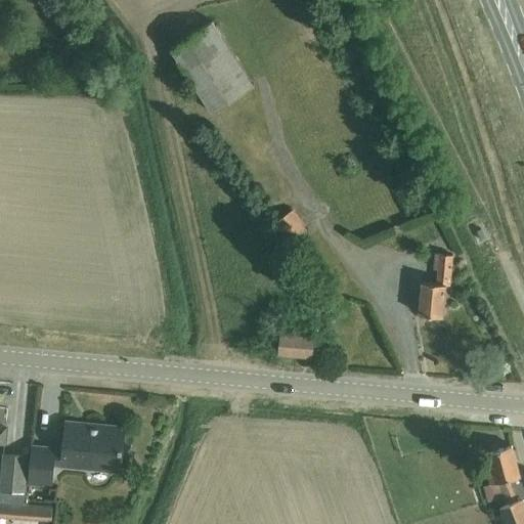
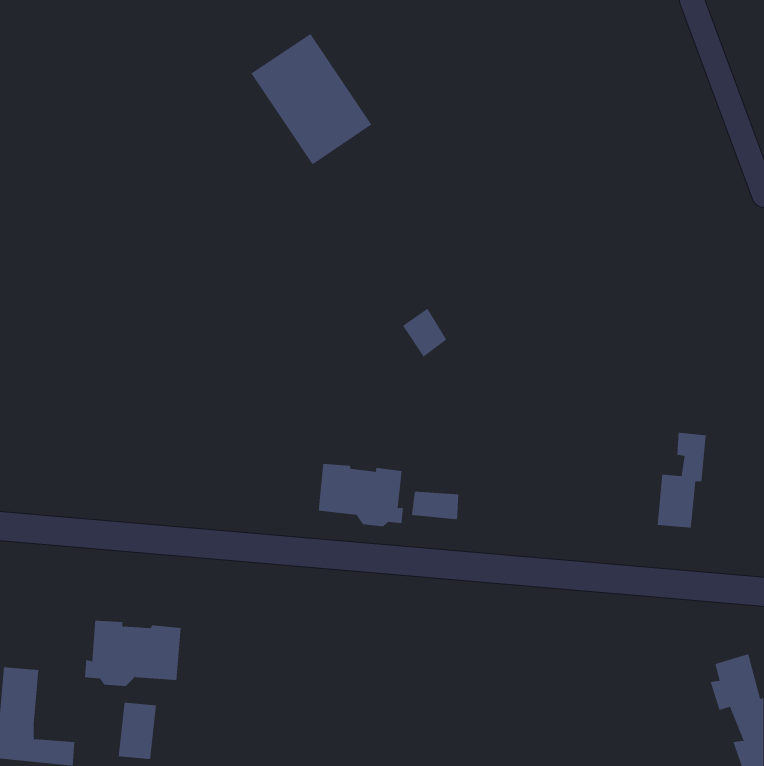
building: [419,253,452,318] -> [657,432,707,528]
building: none -> [318,463,404,527]
building: [28,448,54,487] -> [118,702,157,759]

